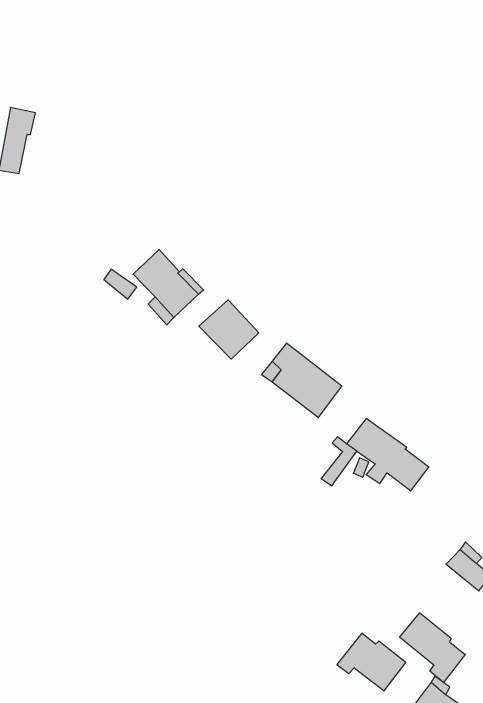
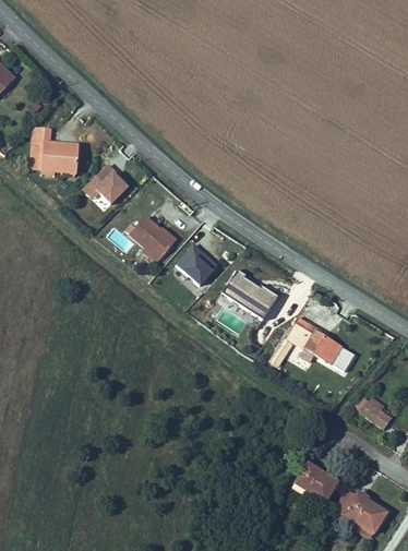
building: none -> [45,142,79,175]
building: none -> [85,163,130,207]
building: [400,613,465,682] -> none

